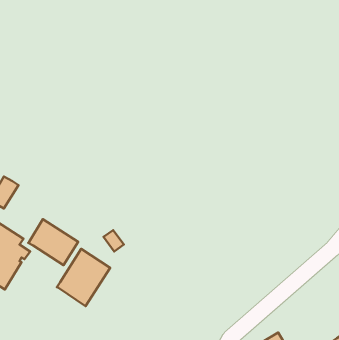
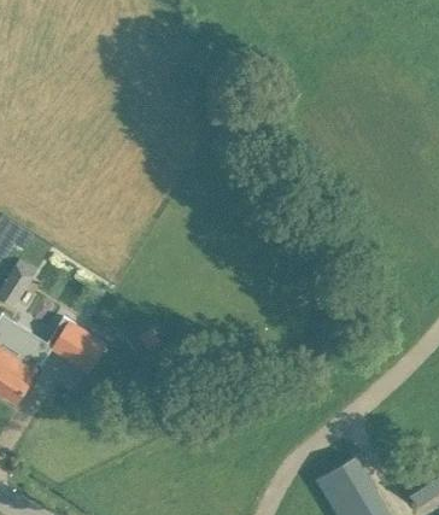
building: [57,249,110,306] -> none

